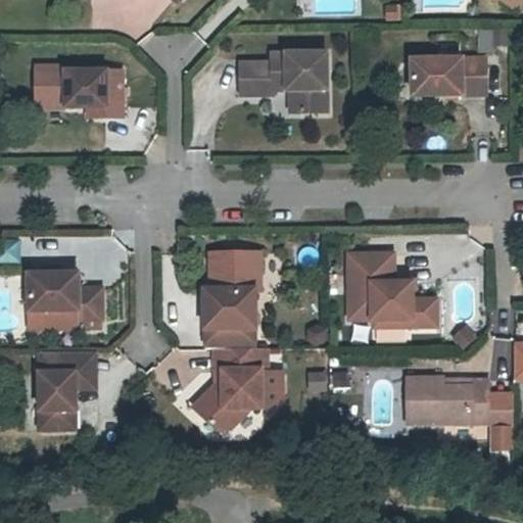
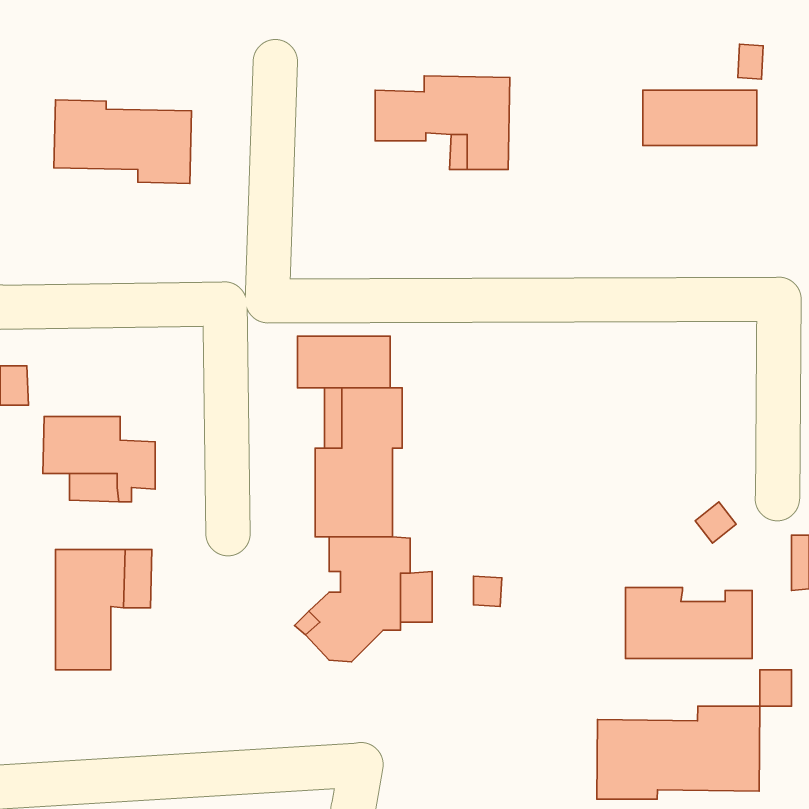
building: none -> [297,336,390,388]
building: [348,250,435,324] -> none
building: [485,395,511,432] -> none
building: none -> [597,706,760,799]

